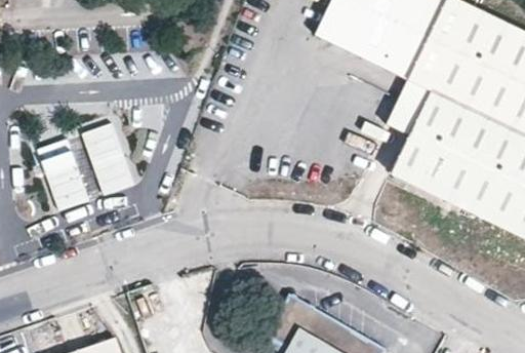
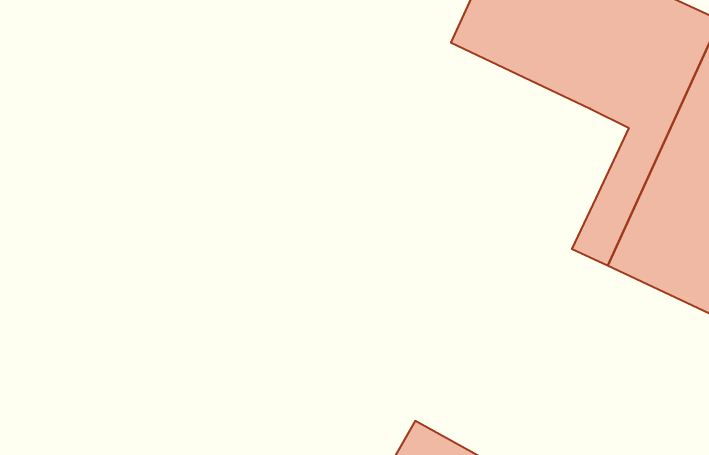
building: [383,81,434,143] -> none
building: [38,120,139,211] -> none

